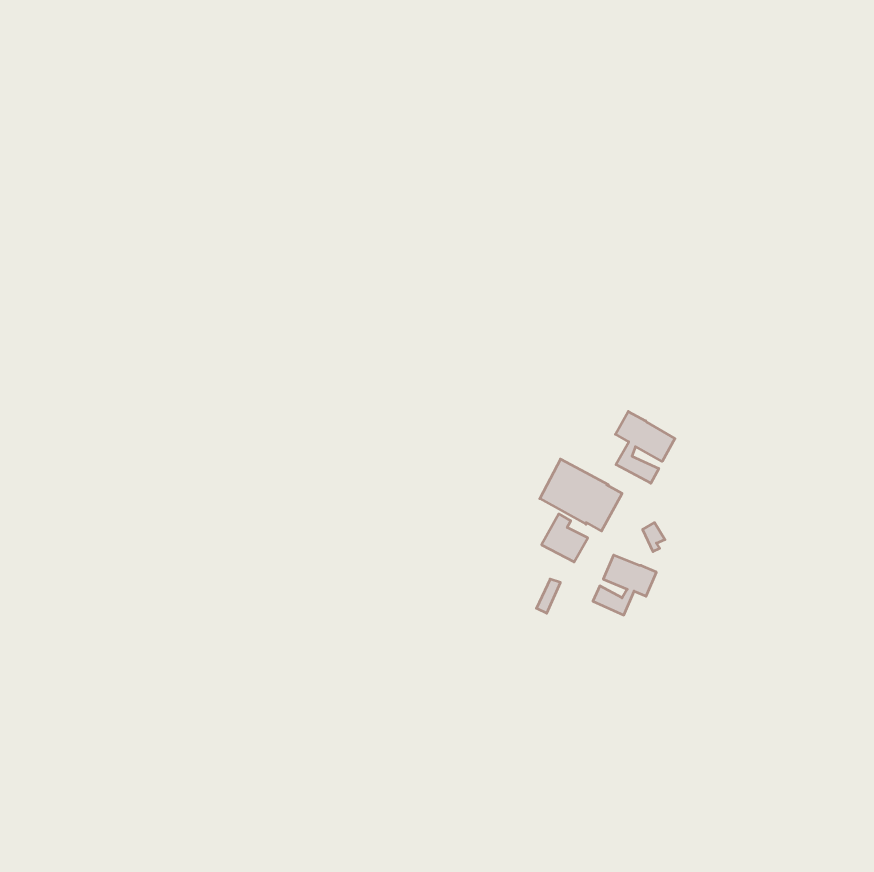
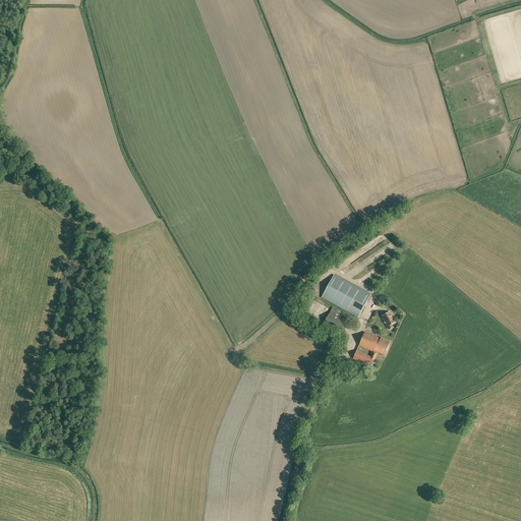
building: [615,411,675,483] -> none

